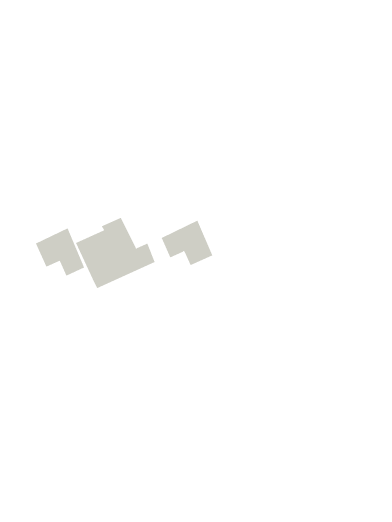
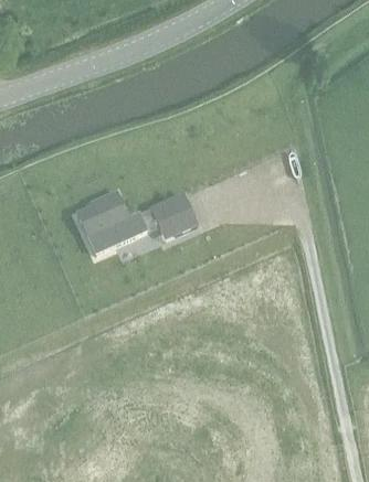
building: [35,228,85,277] -> none

